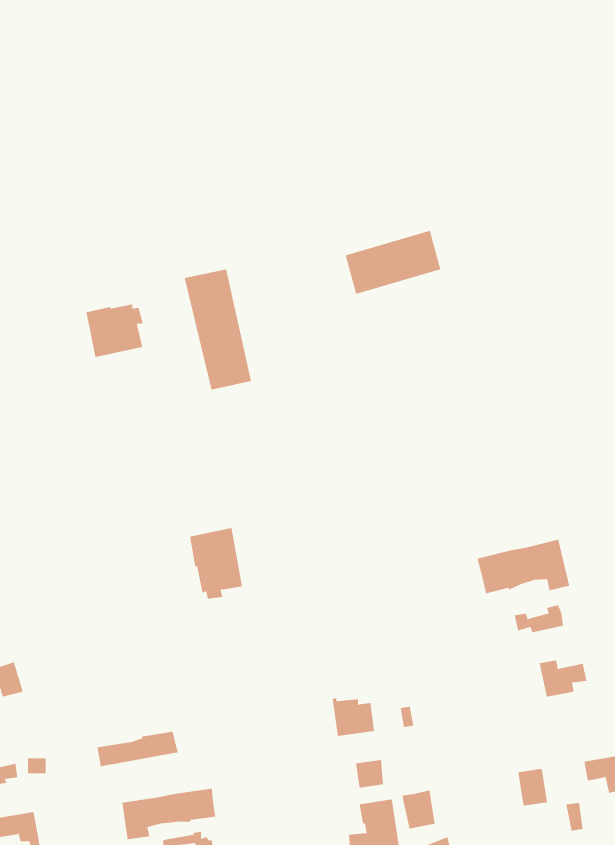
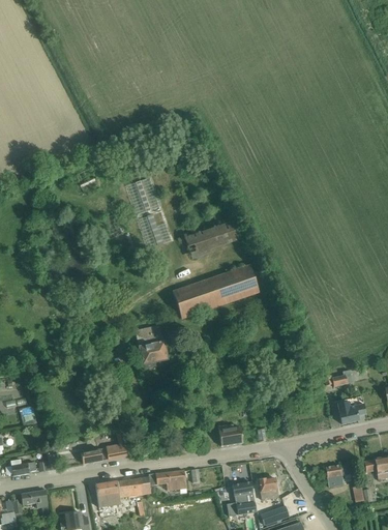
building: [345,230,441,294] -> [187,218,243,256]
building: [86,304,143,358] -> none
building: none -> [172,264,259,319]
building: [477,539,570,594] -> none
building: none -> [148,470,185,490]

